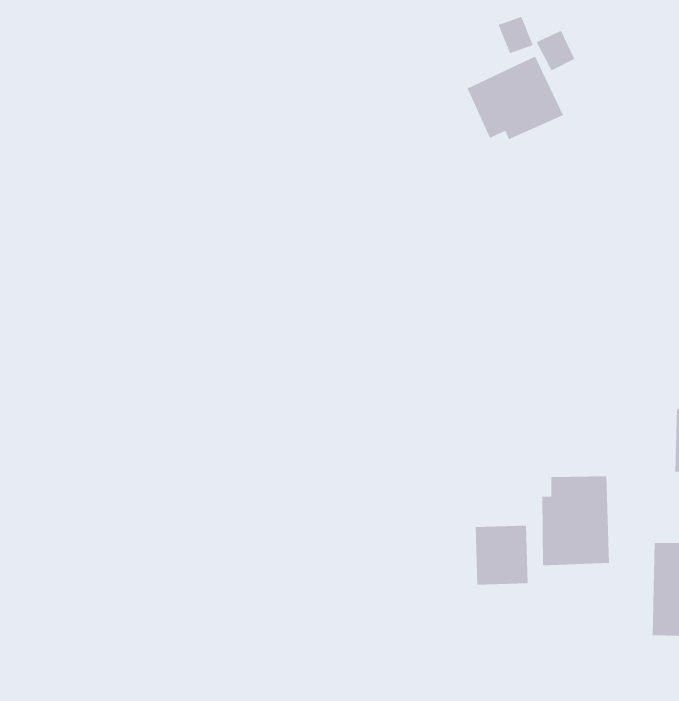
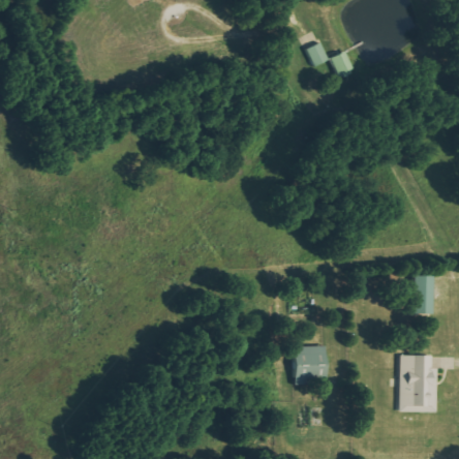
building: [466,56,564,140] -> none
building: [542,476,610,566] -> none

